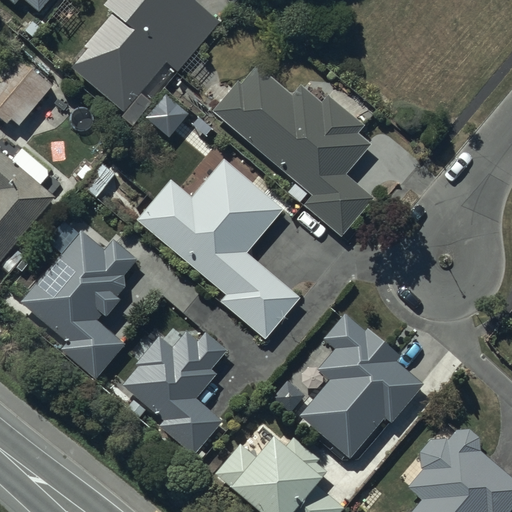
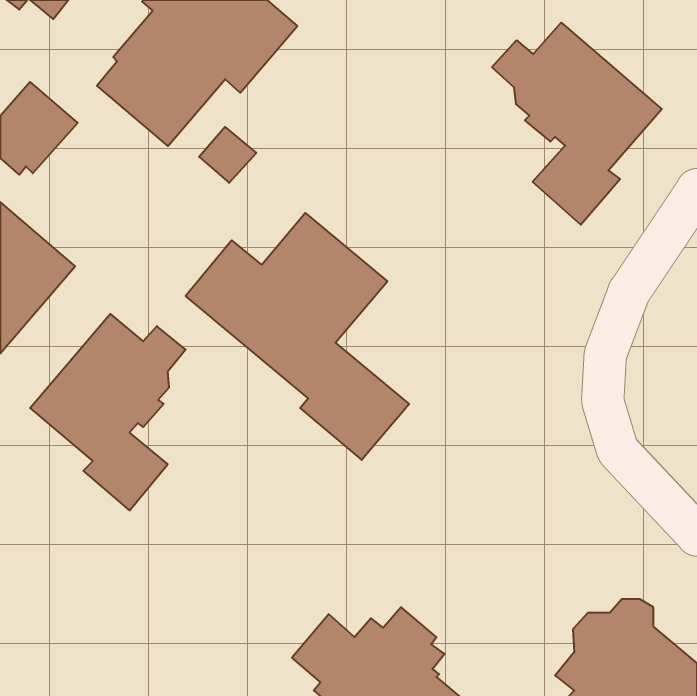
building: none -> [492,23,662,225]
building: [212,64,373,235] -> none
building: [299,324,421,464] -> none
building: [122,330,226,453] -> none

